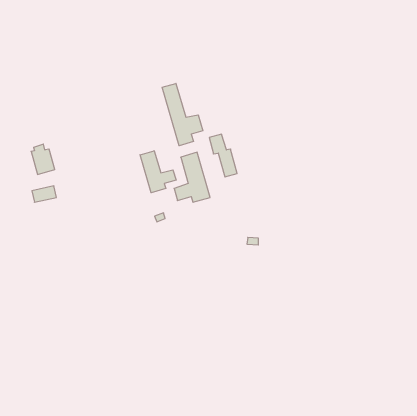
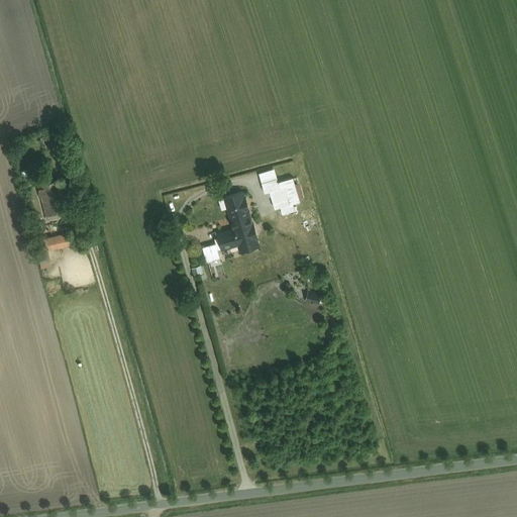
building: [162,83,203,146] -> none
building: [140,151,176,193] -> none

